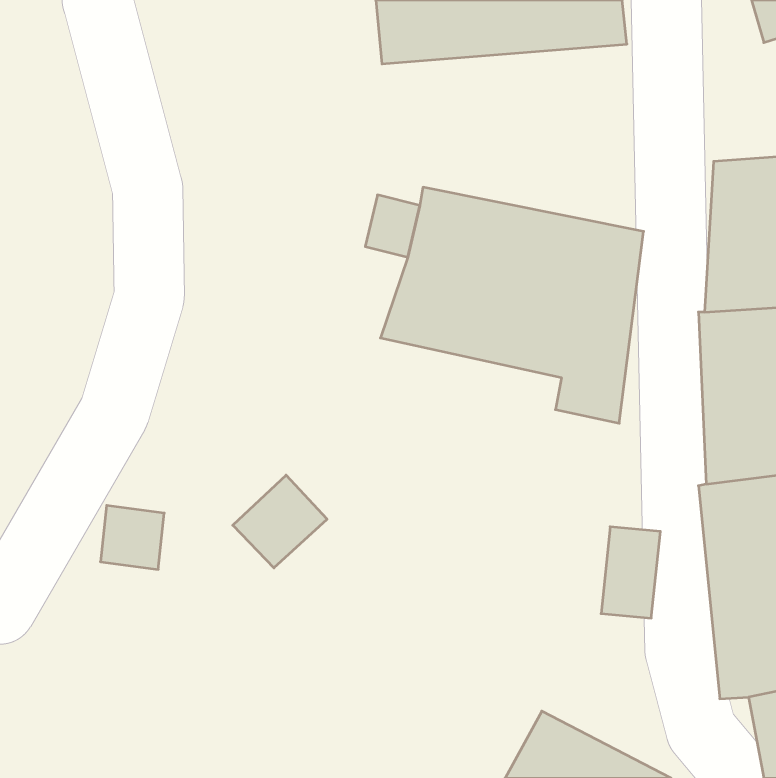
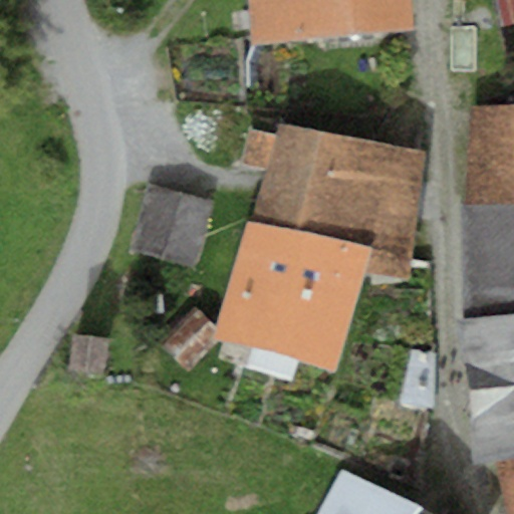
building: none -> [131,182,213,269]
building: none -> [215,221,371,372]

